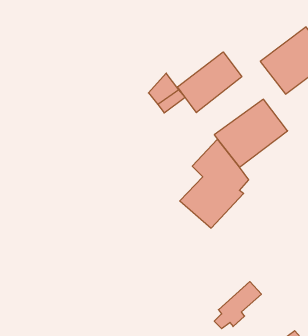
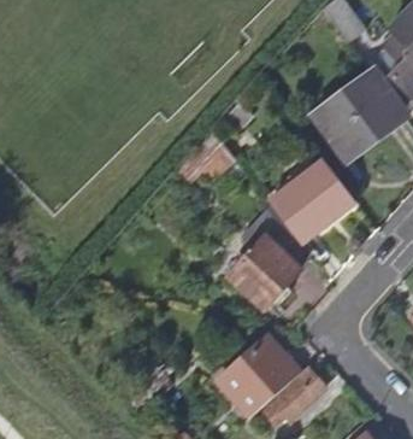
building: [177,52,242,113] -> none
building: none -> [218,336,300,418]

